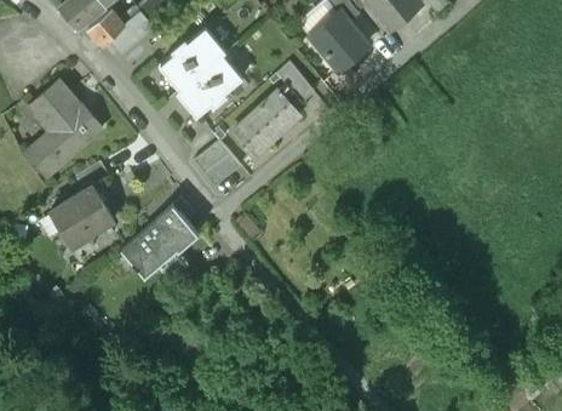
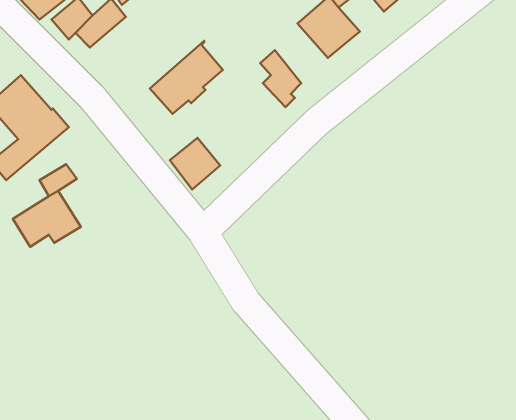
building: [159,27,225,93] -> none
building: [233,89,299,153] -> none
building: [120,204,199,276] -> none

